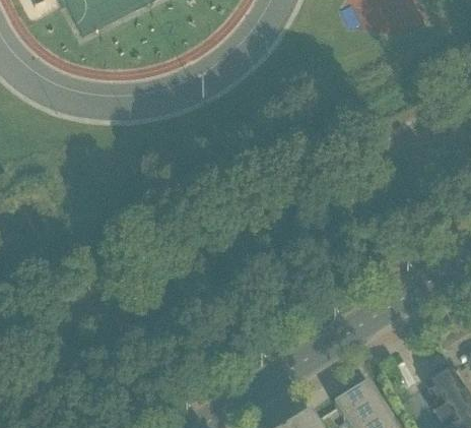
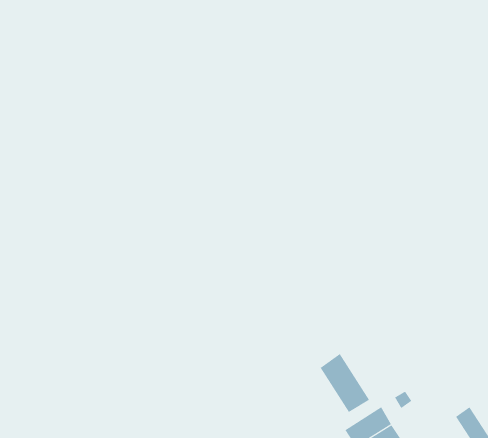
building: none -> [320,353,370,413]

